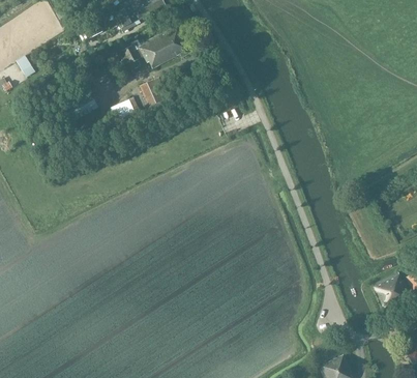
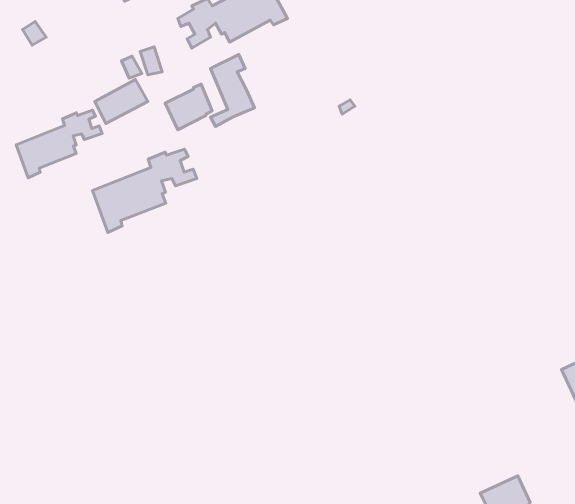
building: none -> [16,110,102,178]
building: none -> [92,149,197,233]

